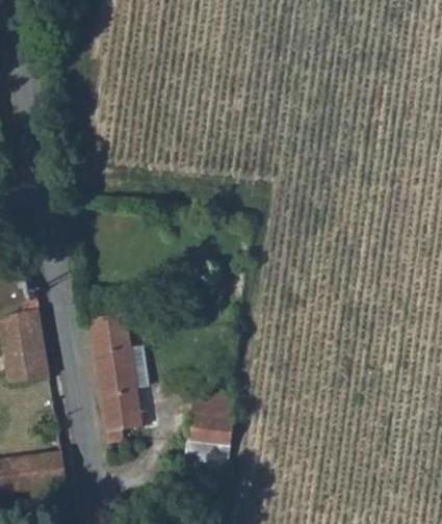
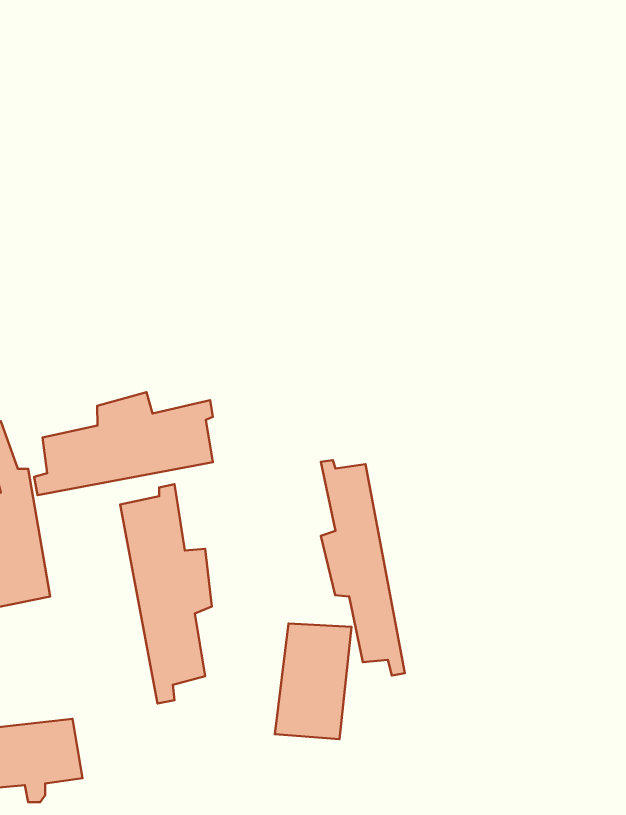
building: none -> [34,392,213,495]
building: none -> [321,460,405,676]

